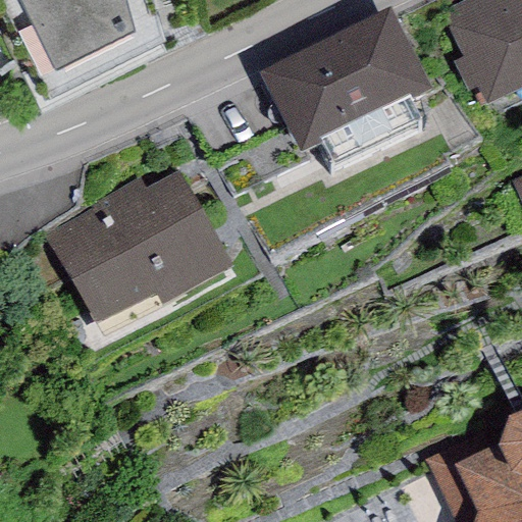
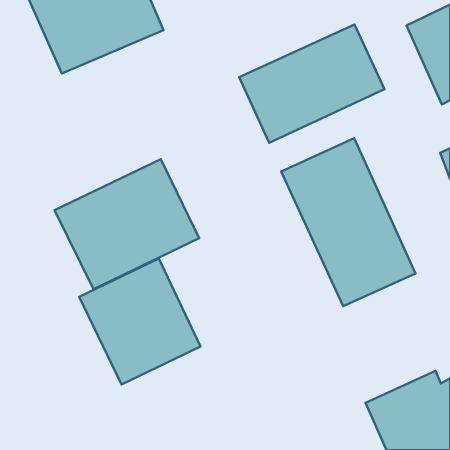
building: none -> [281,138,415,306]
building: none -> [79,258,200,384]

